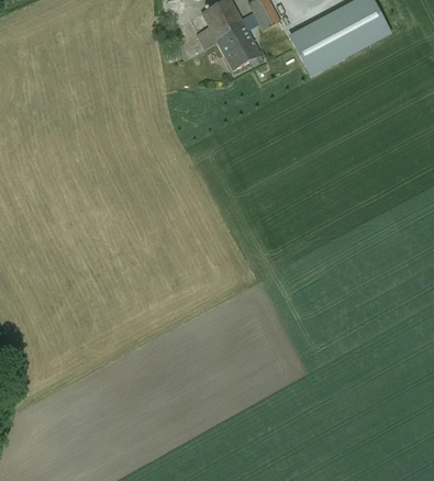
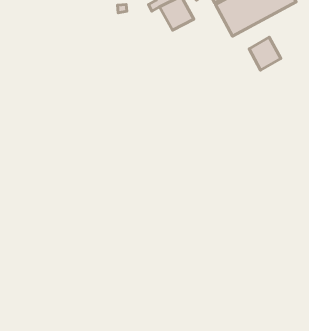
building: none -> [249,37,281,70]

